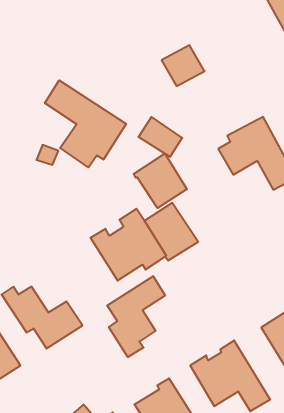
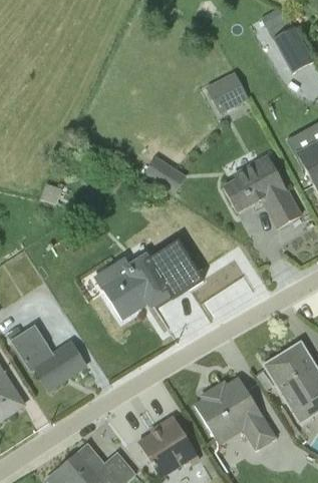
building: [162,45,205,86] -> [205,71,248,112]
building: [45,80,126,167] -> none
building: [134,153,187,208] -> none
building: [107,276,165,357] -> none

